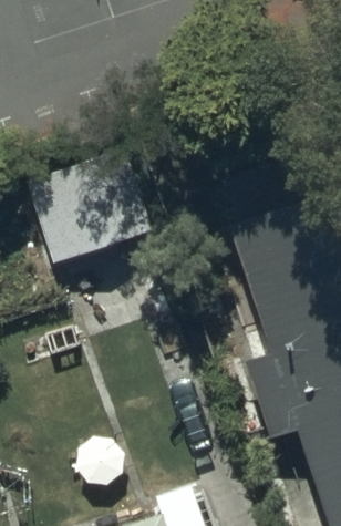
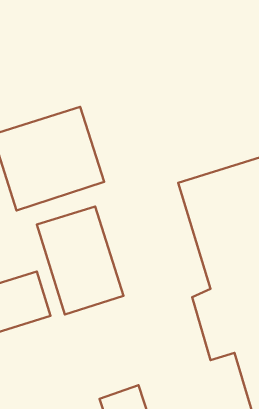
building: none -> [37,206,124,315]

